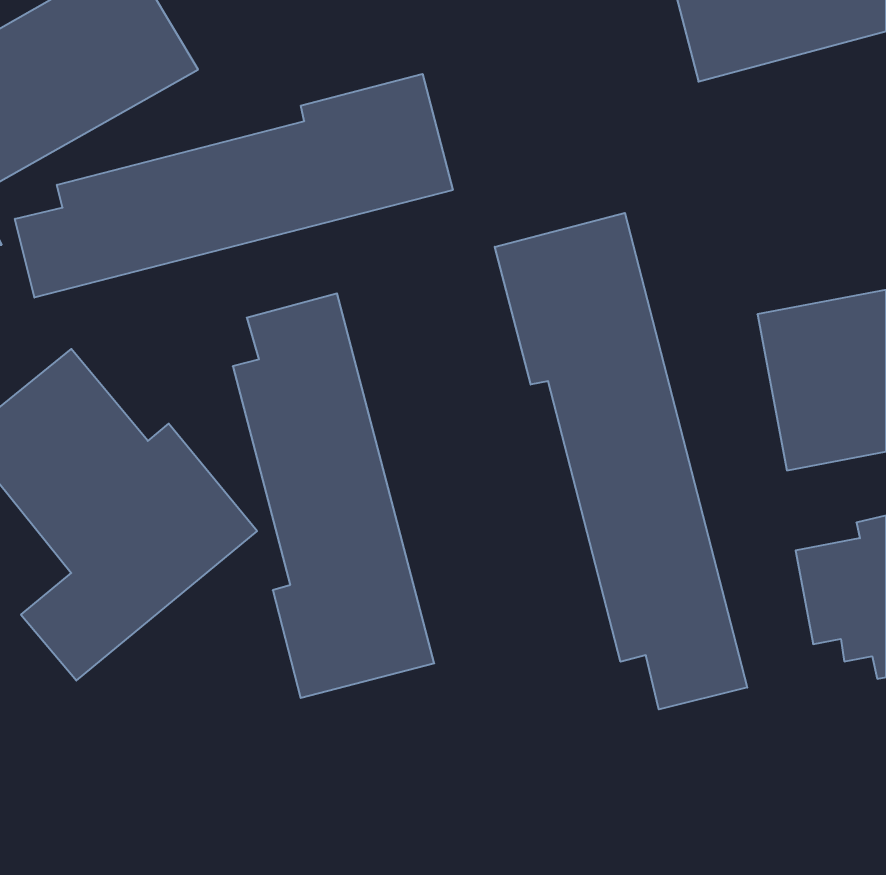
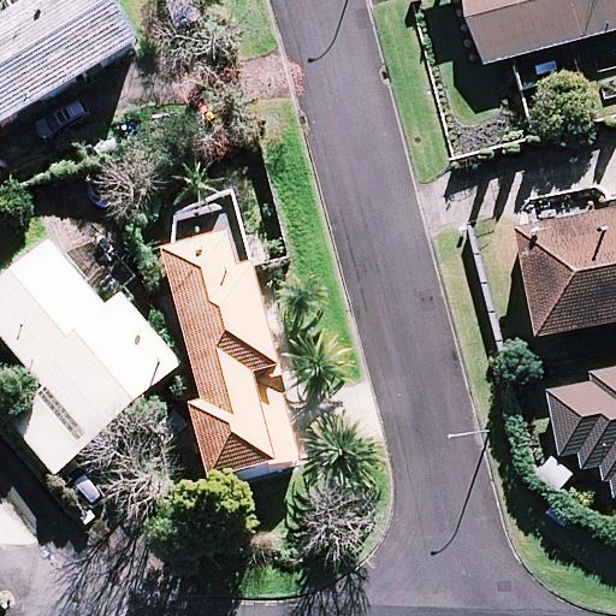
building: [15,74,453,298] -> none
building: [495,213,747,709] -> none

